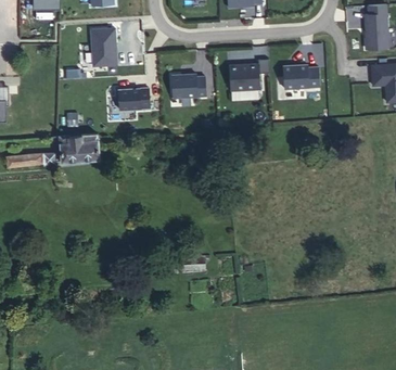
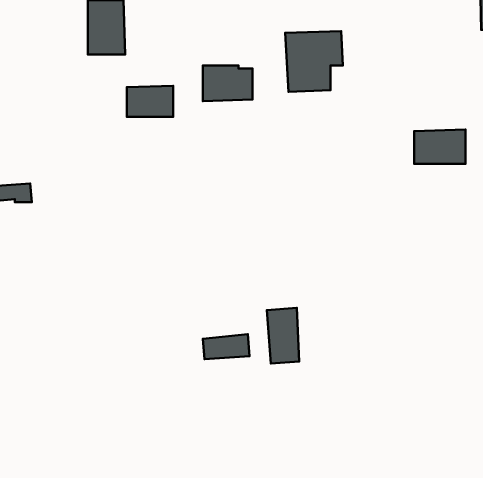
building: [283,62,319,86] -> [414,130,465,164]
building: [56,135,95,164] -> none
building: none -> [267,308,299,363]

